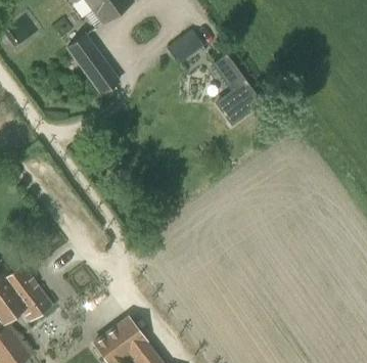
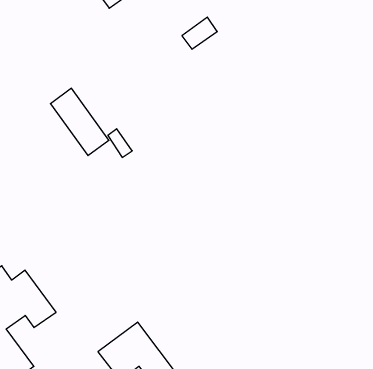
building: [66,33,121,95] -> [50,88,109,156]
building: [207,58,257,130] -> none

